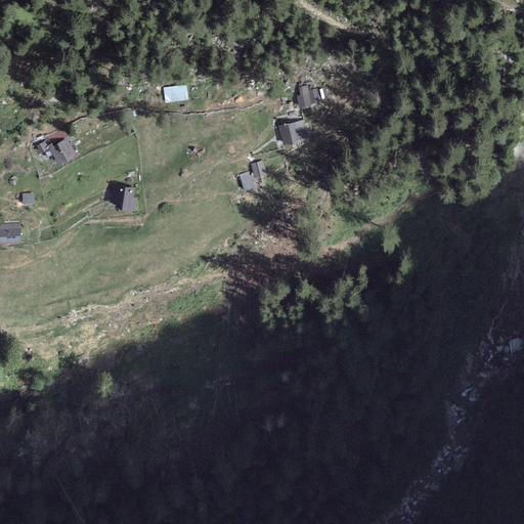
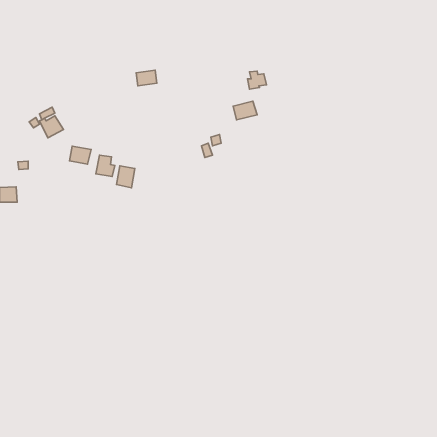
building: none -> [70,146,91,164]
building: none -> [116,166,135,188]

